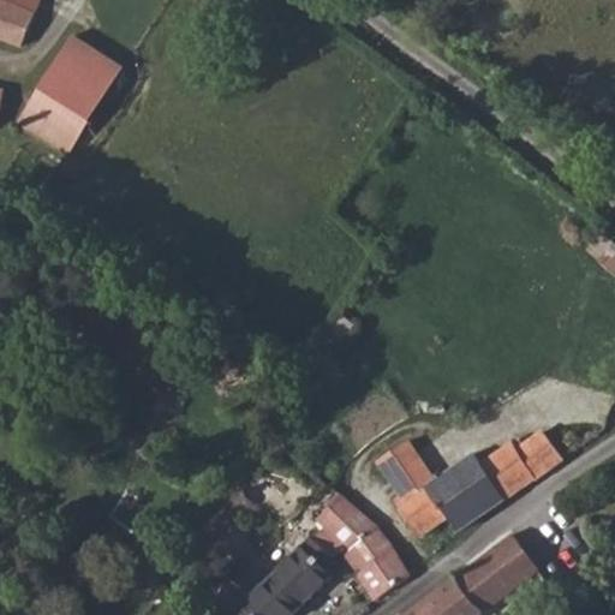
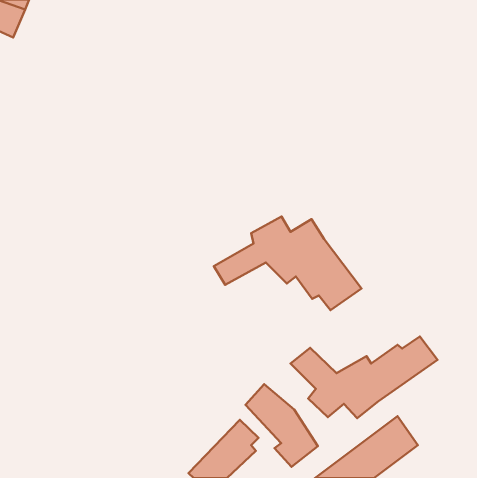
building: [14,37,120,154] -> none
building: none -> [214,217,361,310]

